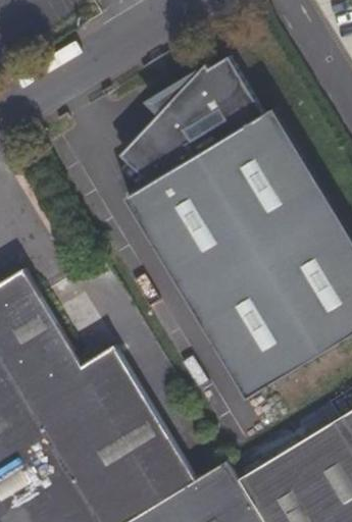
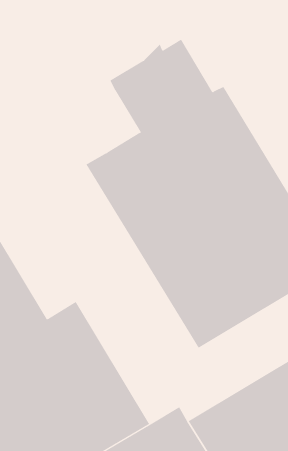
building: [117,115,184,184] -> none

